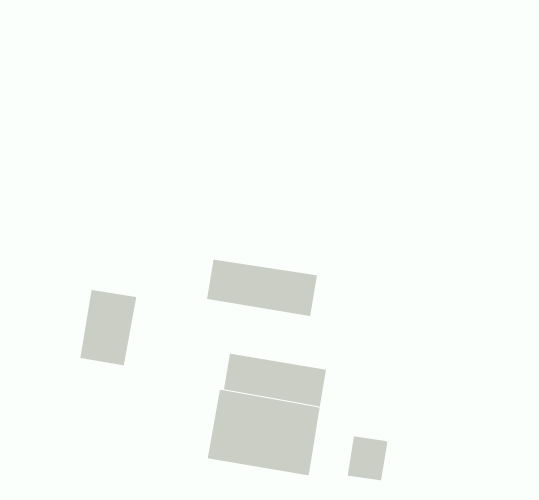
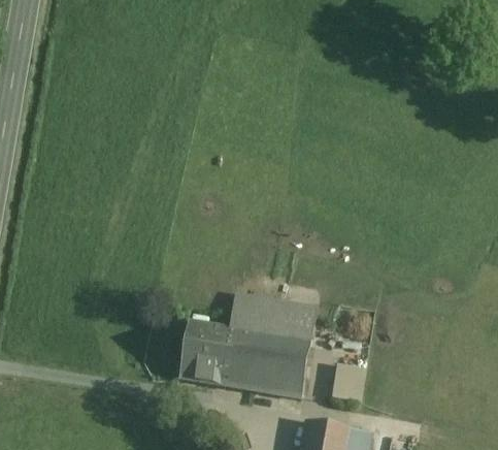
building: [206,259,317,317] -> none
building: [80,289,137,366] -> [179,320,227,383]

